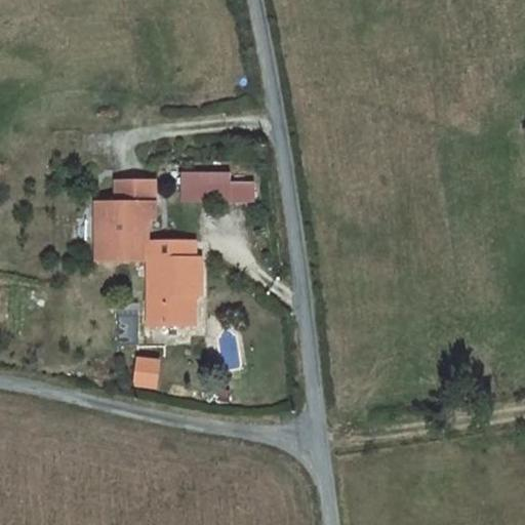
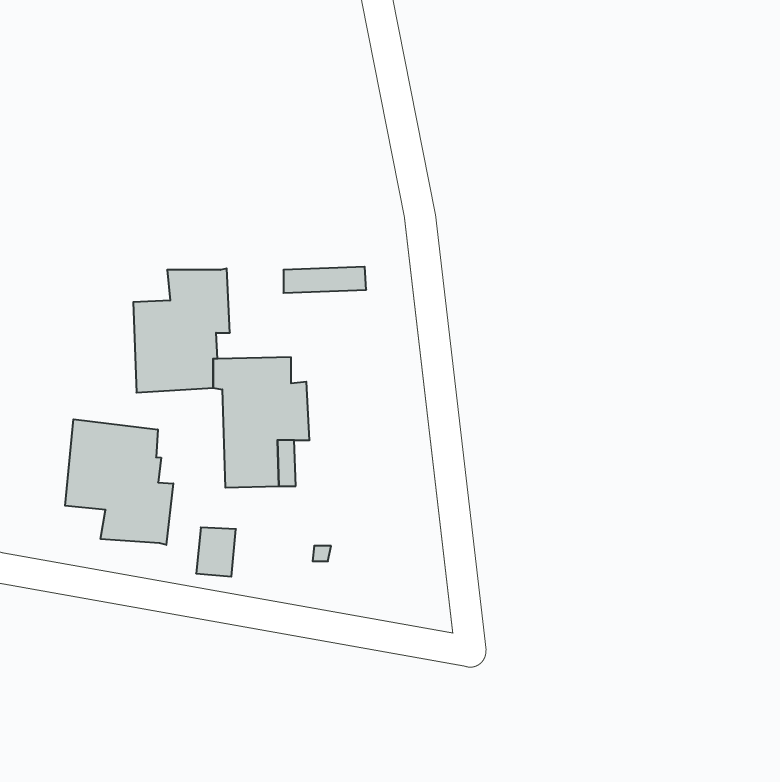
building: none -> [65,419,173,545]

